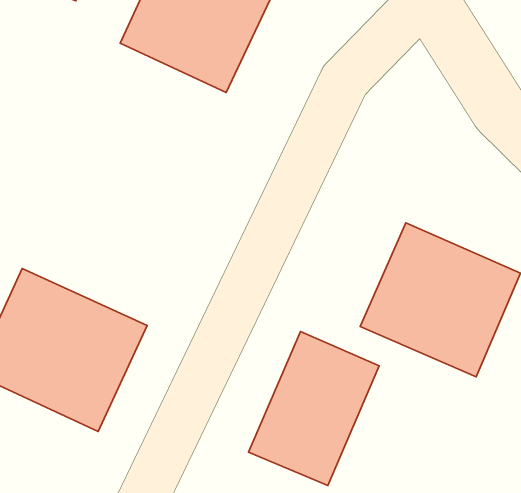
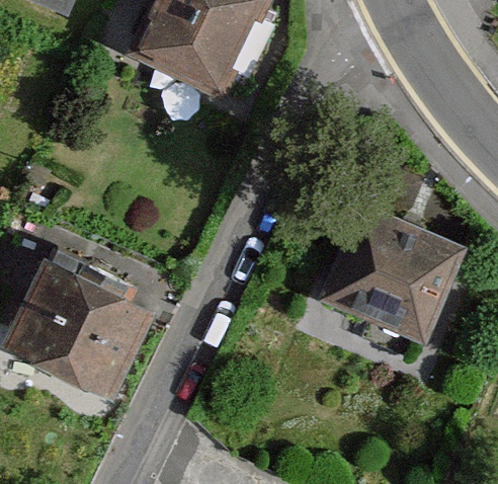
building: [248,332,379,486] -> none

